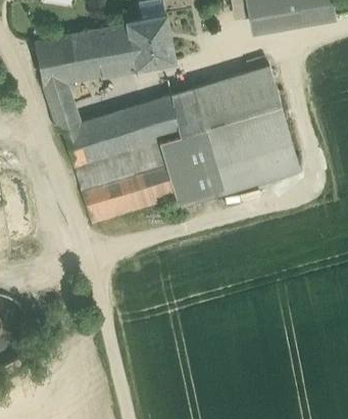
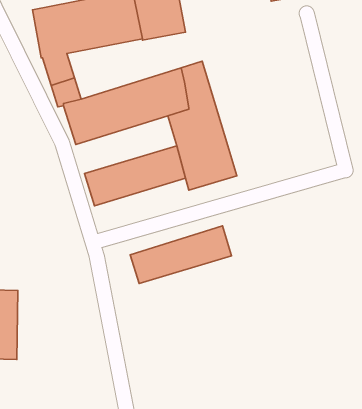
building: [191,64,301,194] -> none
building: [74,139,167,192] -> [130,226,231,284]

